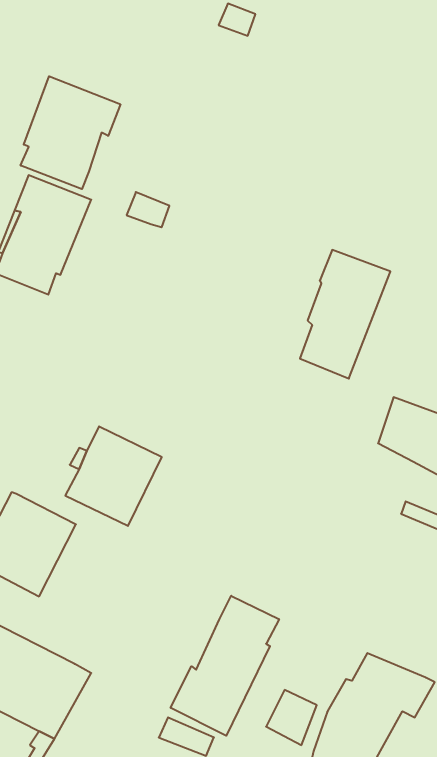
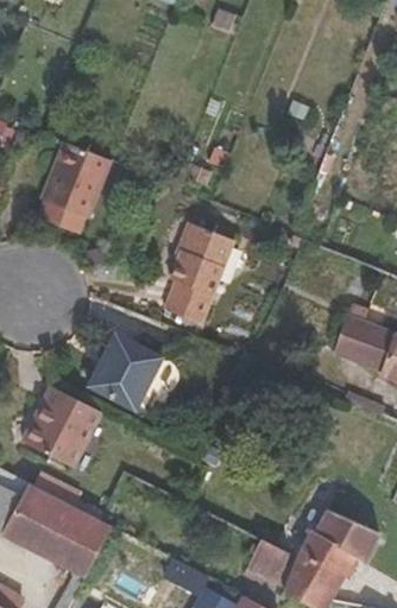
building: [21,76,120,189] -> none
building: [300,250,390,379] -> [164,223,234,323]
building: [171,596,279,736] -> none

